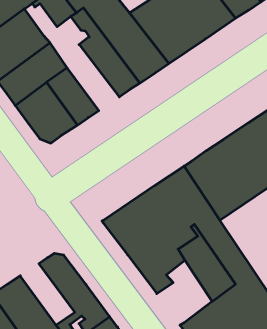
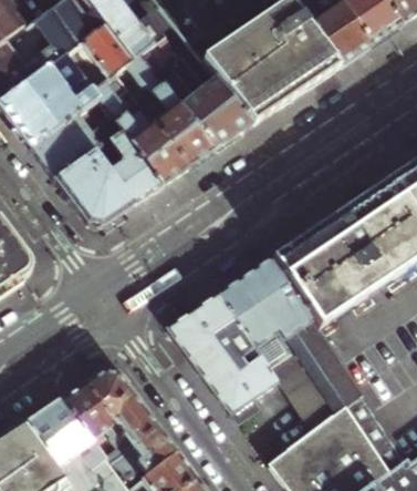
building: none -> [91,78,188,184]
building: none -> [60,382,131,462]

